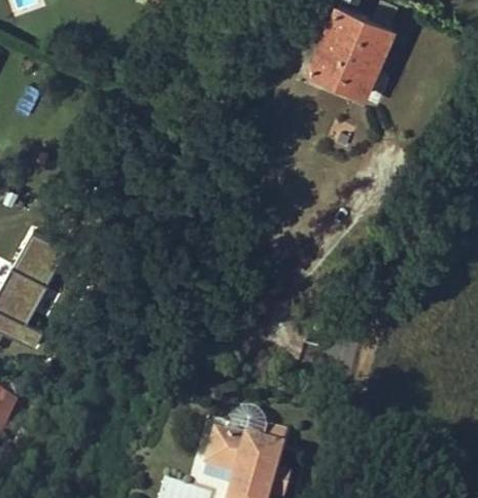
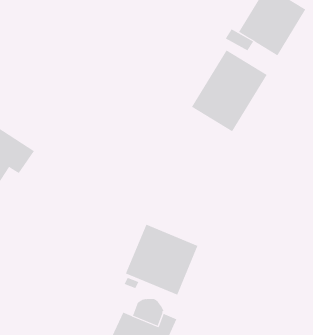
building: none -> [191,49,268,132]
building: none -> [125,224,198,296]

